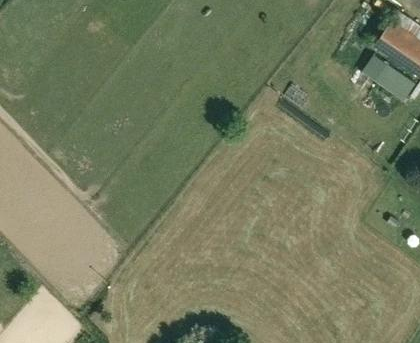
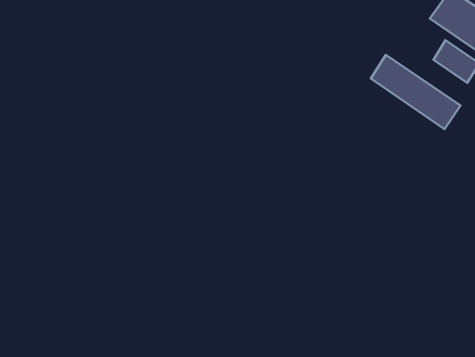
building: none -> [371,55,460,129]

